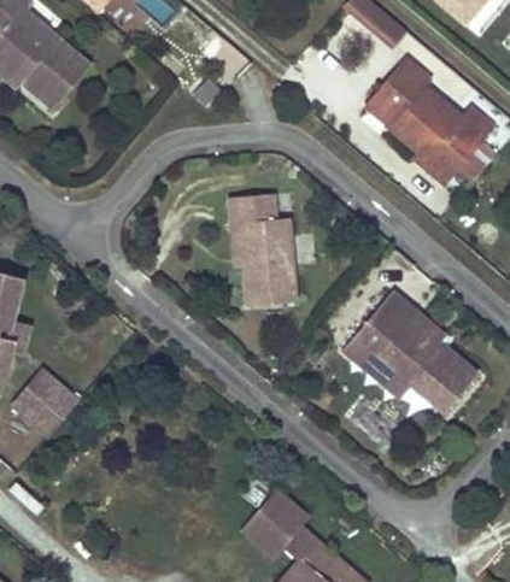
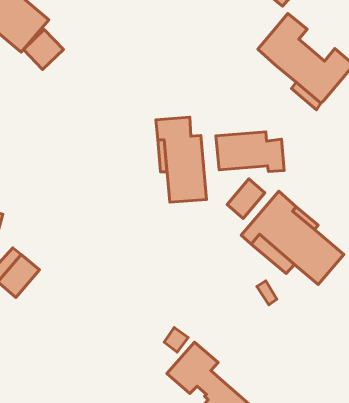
building: none -> [23,29,63,70]
building: none -> [216,132,284,172]
building: none -> [227,179,265,218]

